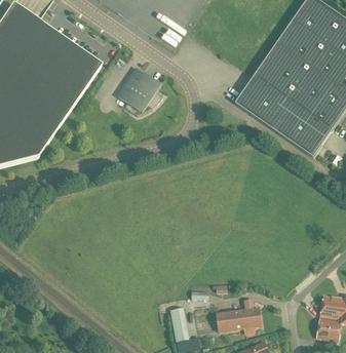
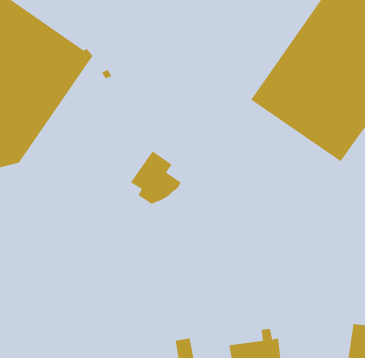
building: [118,68,163,115] -> [129,150,182,205]

